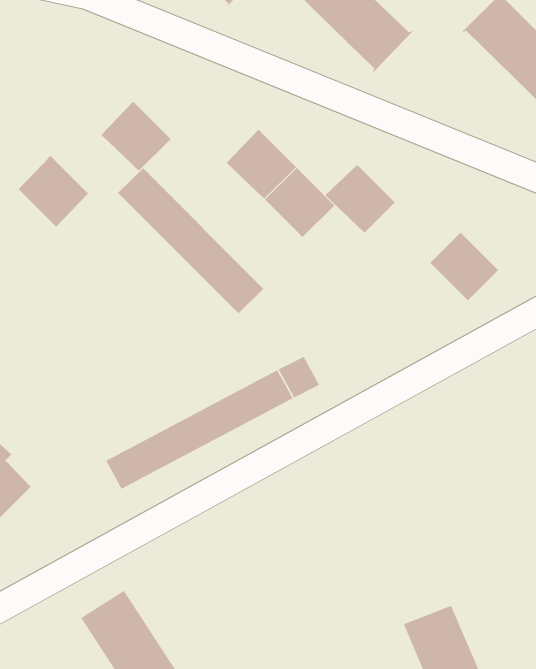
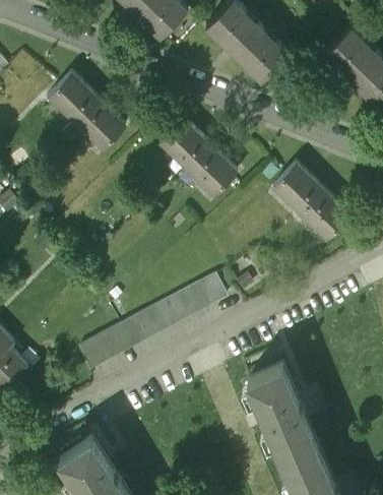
building: [18,155,89,227] -> [48,73,97,123]
building: [325,164,395,233] -> [273,164,322,211]
building: [117,168,264,314] -> none
building: none -> [248,365,316,460]

